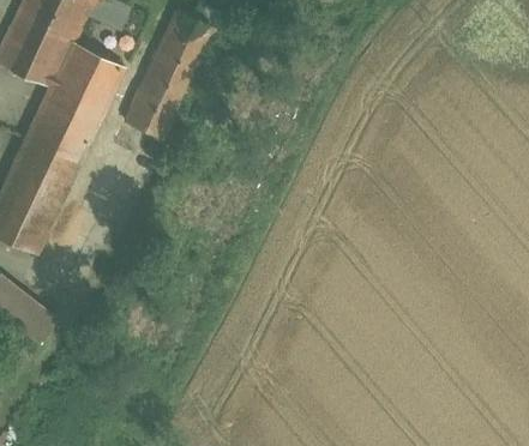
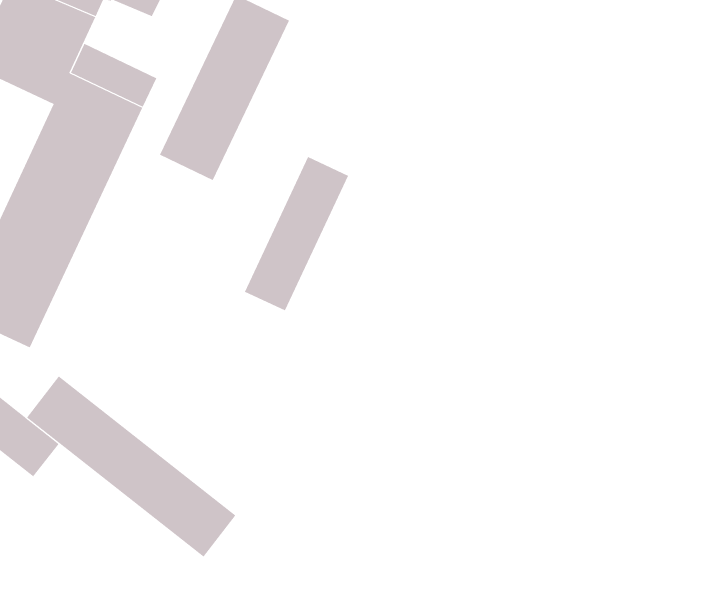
building: none -> [244,156,349,311]
building: none -> [26,376,236,557]

